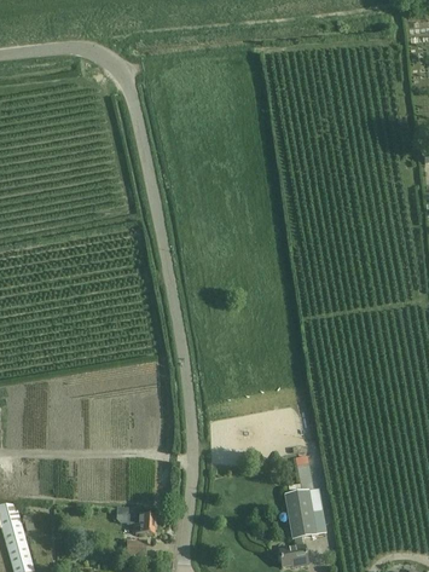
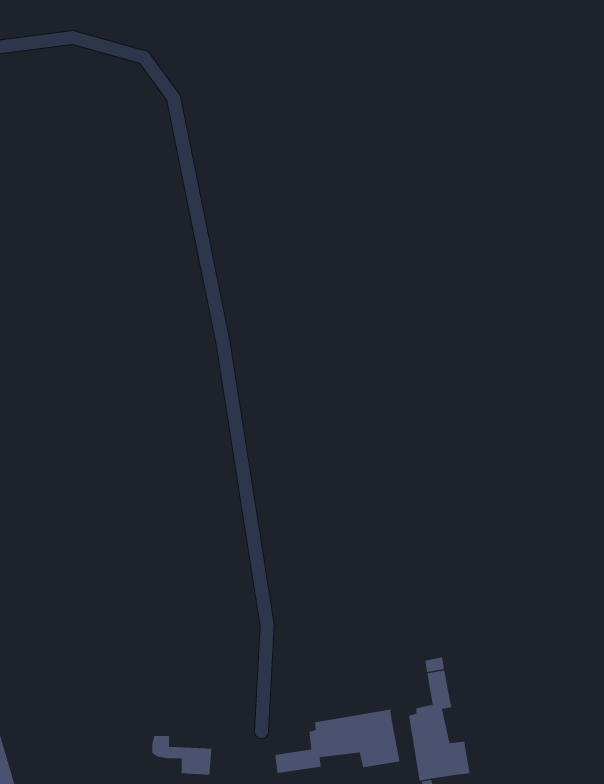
building: none -> [274,708,401,774]

